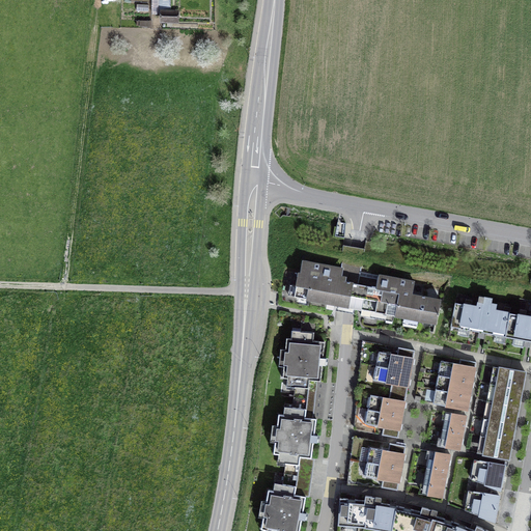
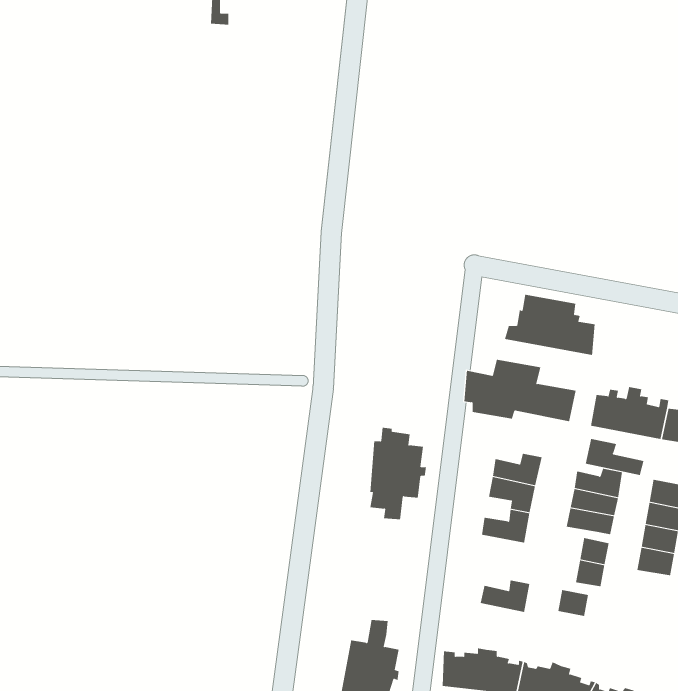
building: [287,261,357,308] -> [504,294,595,355]
building: none -> [585,438,644,476]
building: [274,397,317,475] -> none
building: [365,410,401,437] -> none
building: [483,437,512,458] -> none
building: [475,460,505,490] -> none
building: [364,462,401,490] -> none
building: [422,468,447,497] -> none
building: [470,491,499,521] -> none

